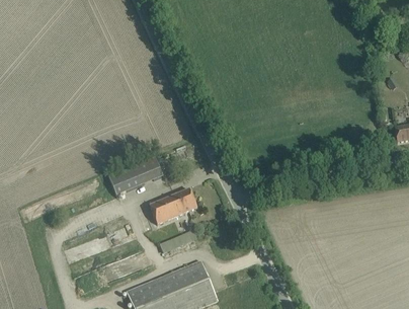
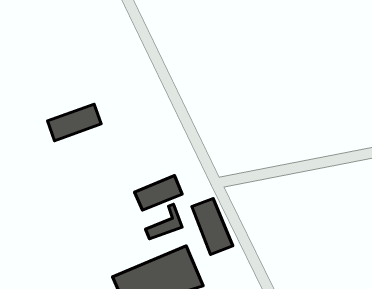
building: [108,157,163,195] -> [47,104,101,141]
building: none -> [192,199,233,254]

